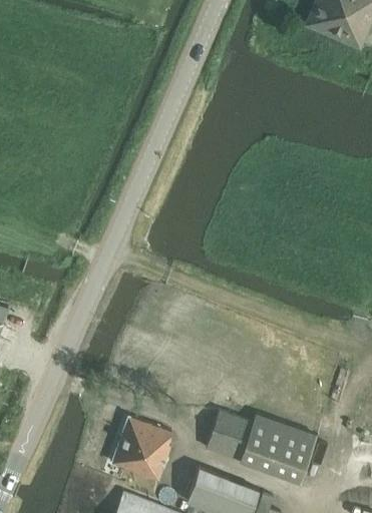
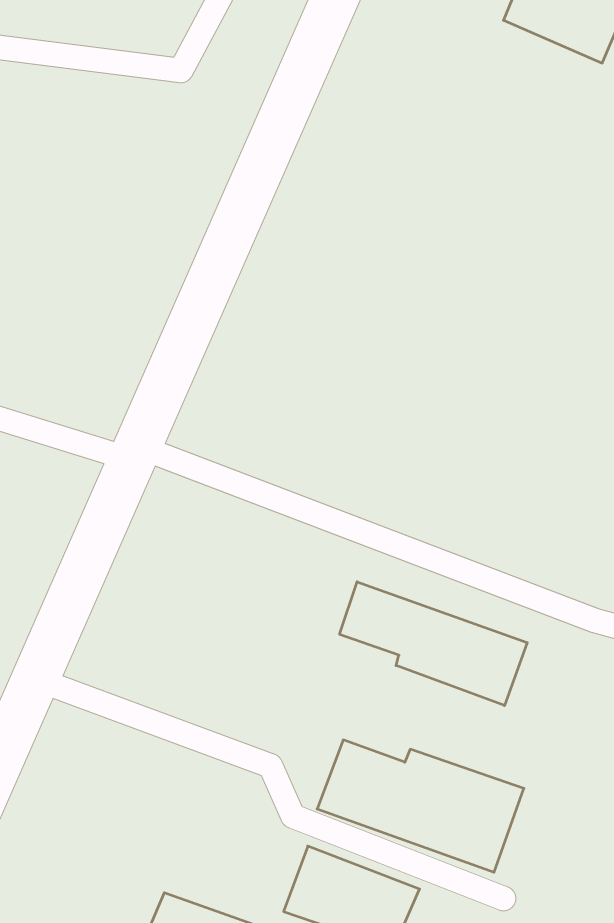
building: none -> [340,582,527,706]
building: [112,418,172,482] -> none

